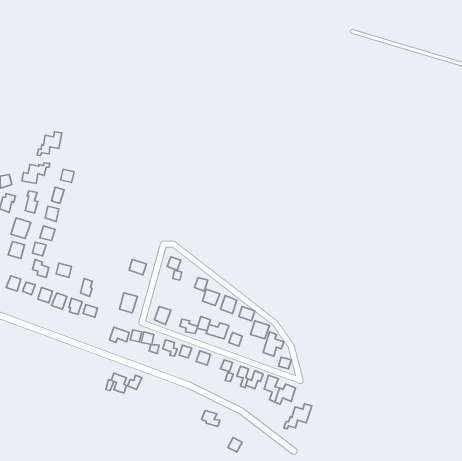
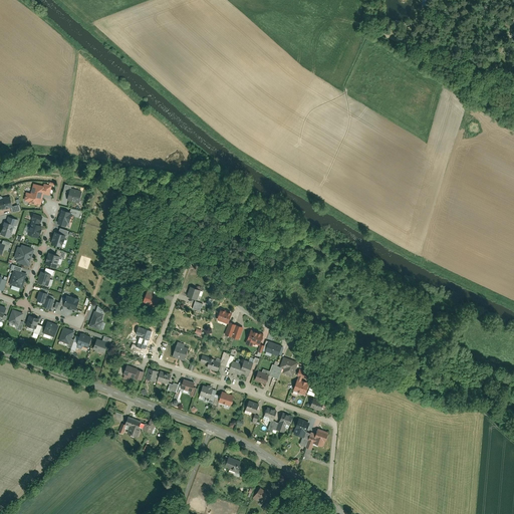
building: [37,132,62,156] -> none
building: [284,404,312,429] -> none

